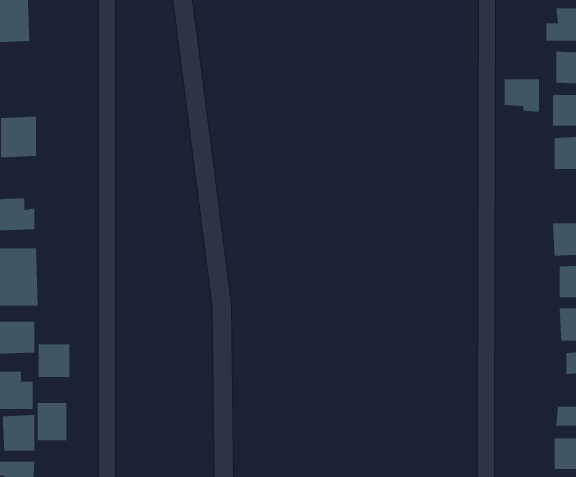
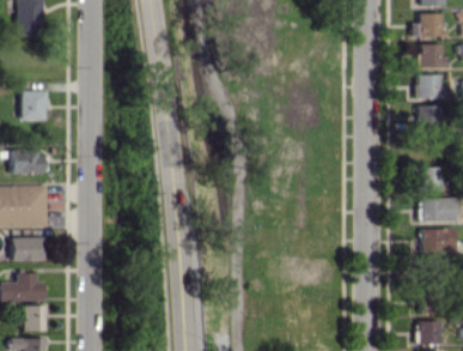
building: [504,78,539,112] -> none
building: [38,344,70,378] -> none
building: [37,402,67,441] -> none

